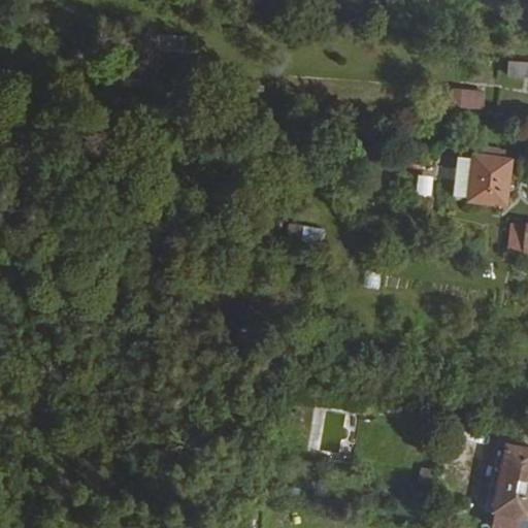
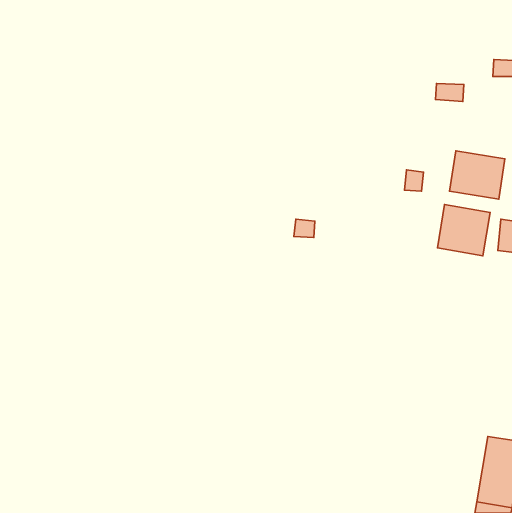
building: none -> [437,204,490,256]

